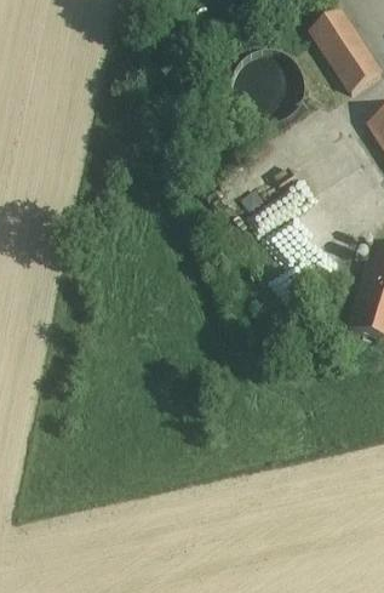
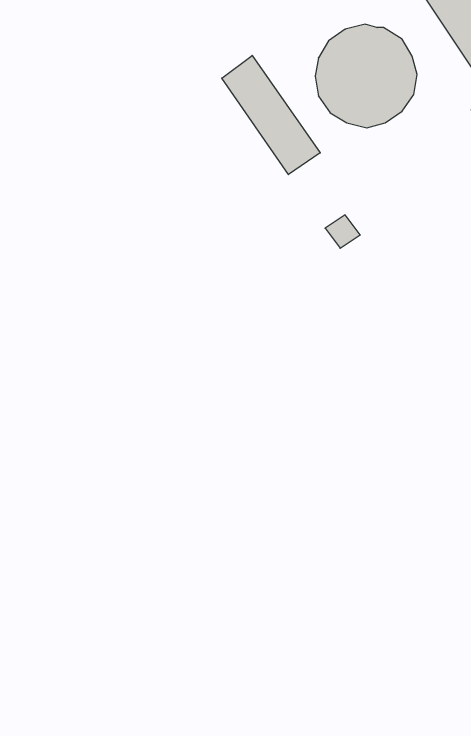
building: none -> [222,55,320,175]

